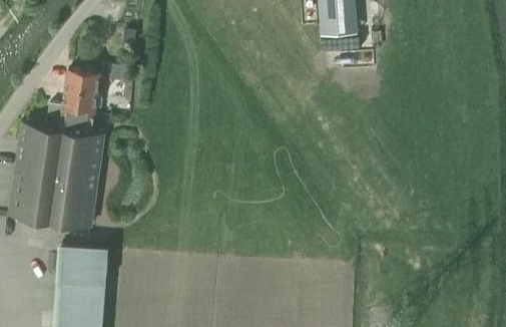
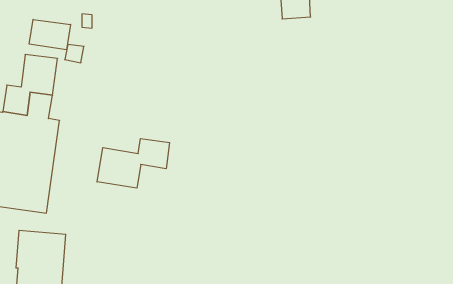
building: none -> [29,19,71,50]
building: none -> [97,139,170,188]

